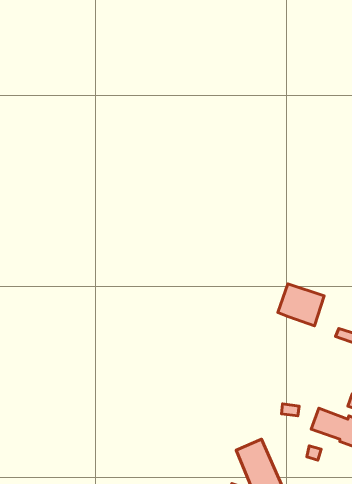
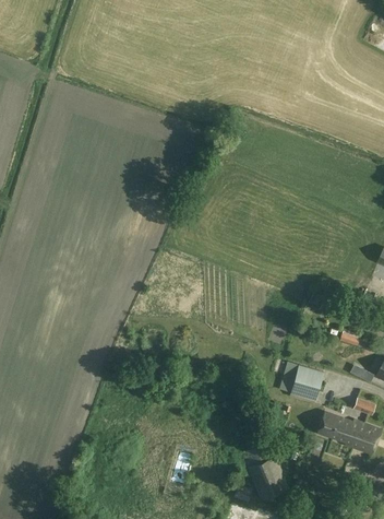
building: [278,284,324,326] -> [278,359,324,401]

